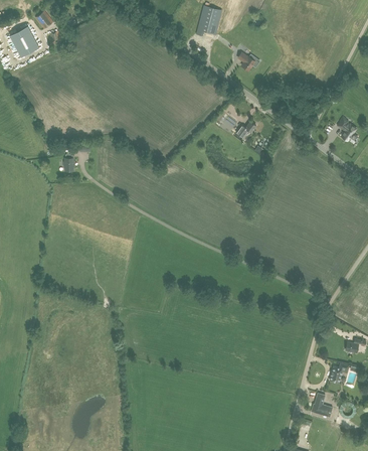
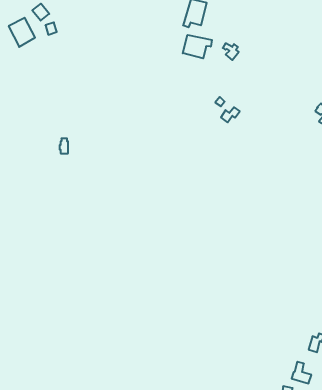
building: none -> [183,35,212,58]

